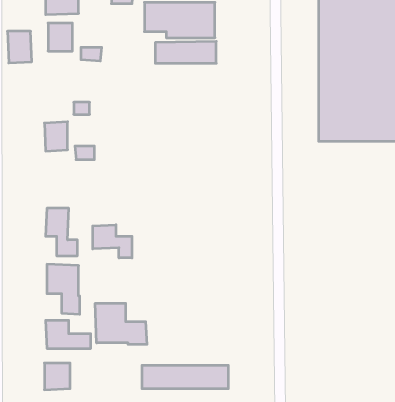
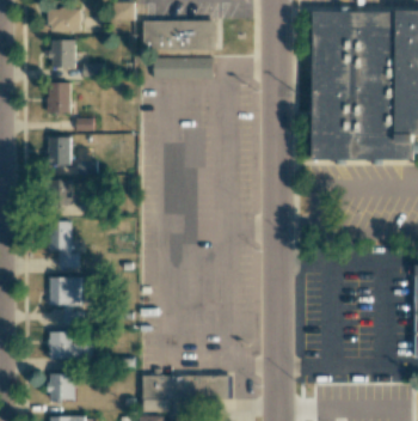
building: [7,31,32,63] -> [45,83,69,114]
building: none -> [49,179,73,205]
building: [93,225,132,258] -> none
building: [95,303,147,344] -> none

